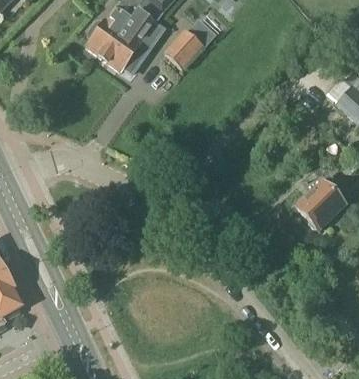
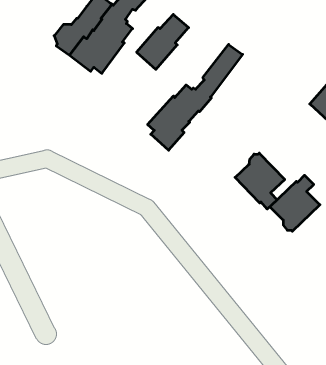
building: none -> [148,44,243,150]
building: none -> [235,153,285,209]

